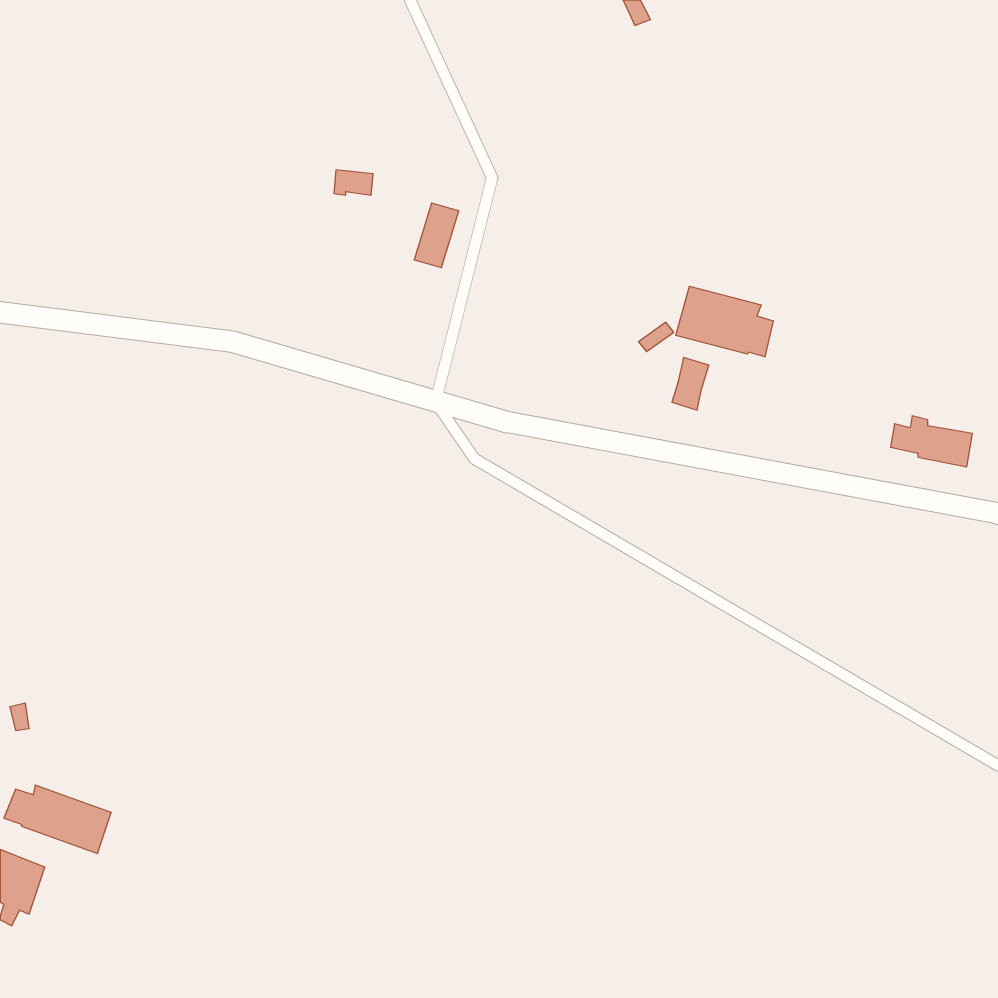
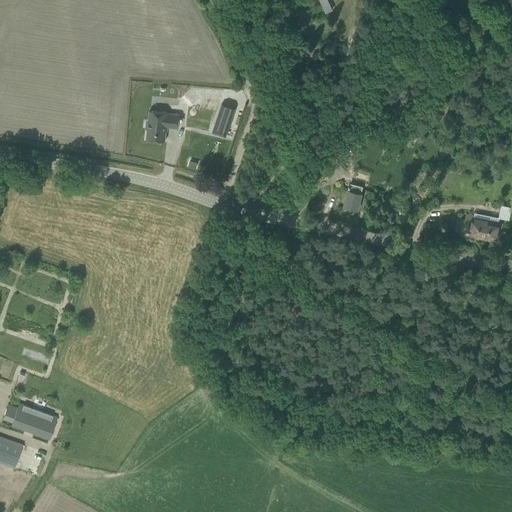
building: none -> [146,110,179,141]
building: [676,286,773,357] -> none

